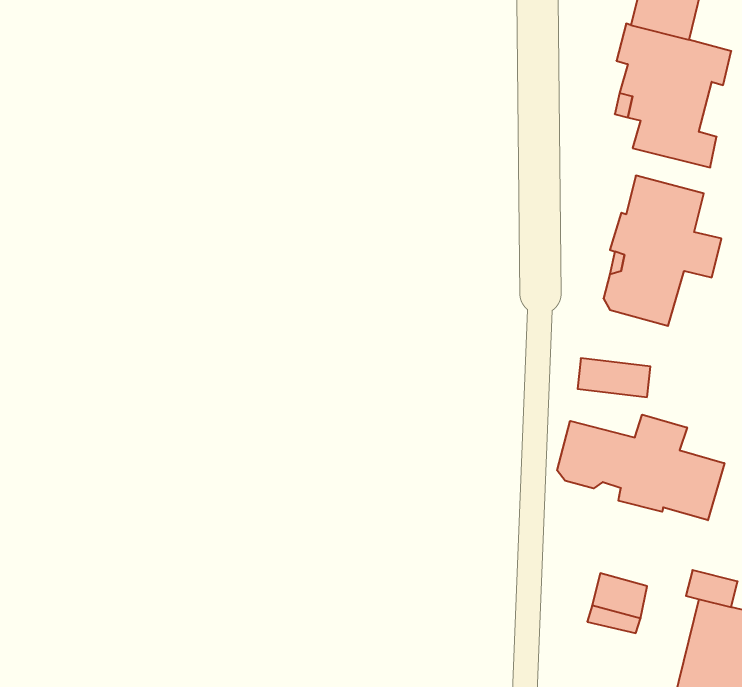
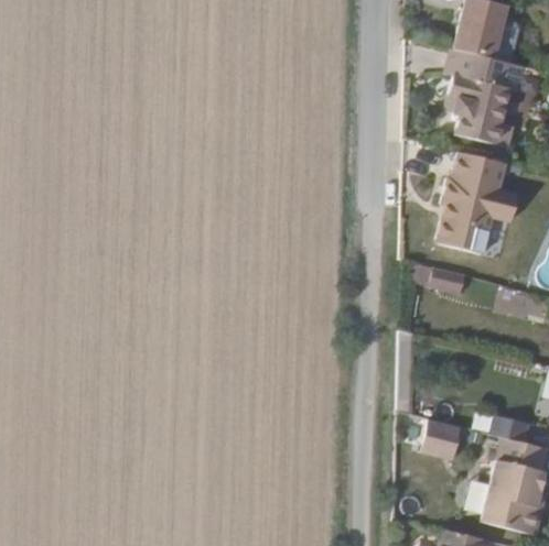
building: [557,415,724,520] -> none

